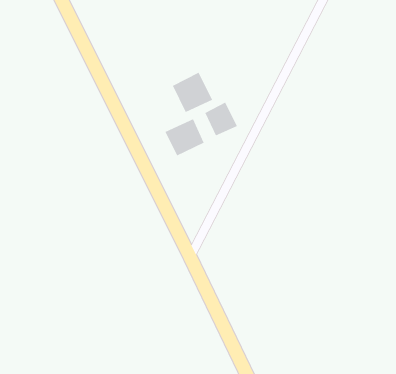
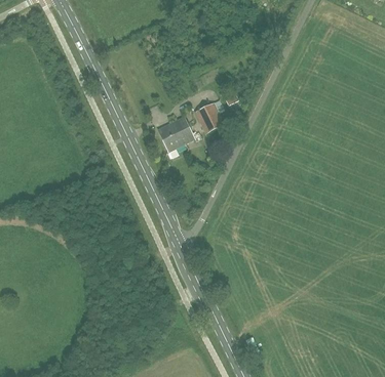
building: [172,72,213,113] -> none

